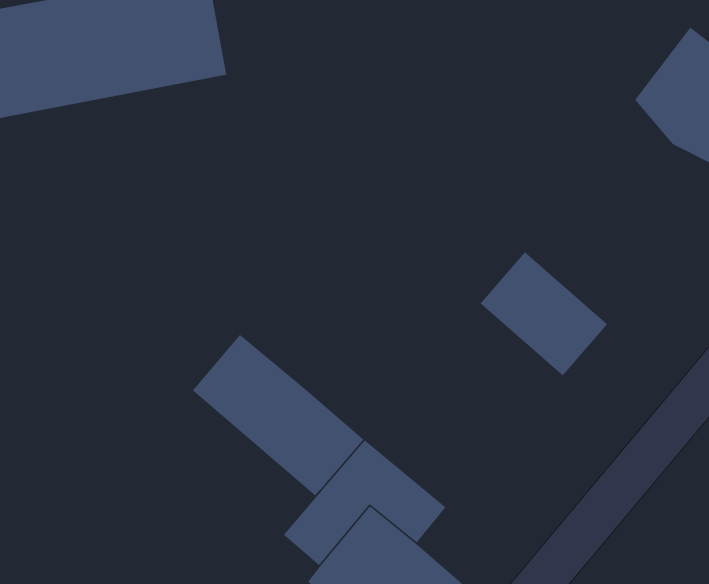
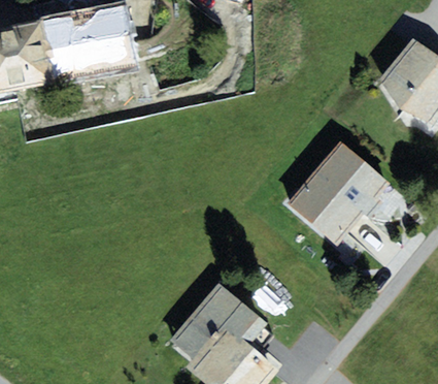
building: none -> [313,140,390,220]
building: [192,334,364,496] -> none

